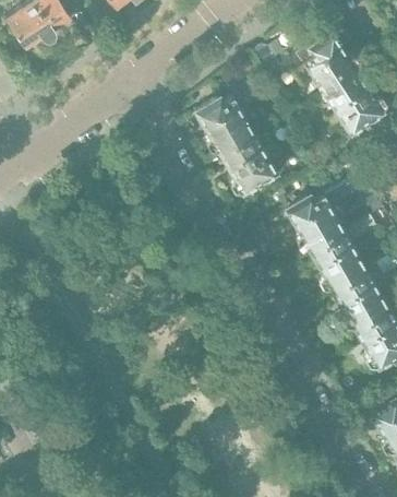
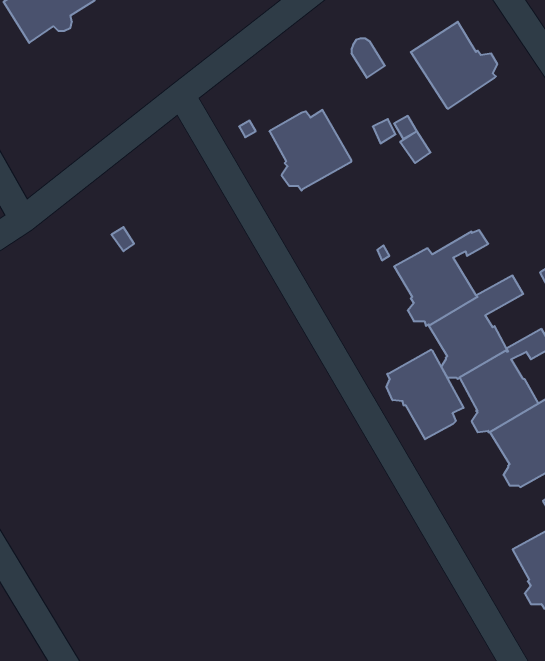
building: [326,73,389,145] -> none
building: [221,133,281,192] -> none
building: none -> [386,350,464,439]

